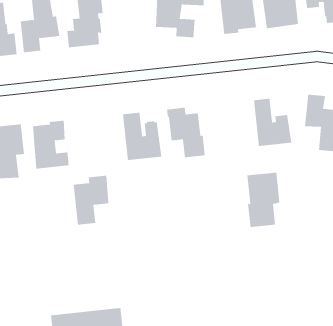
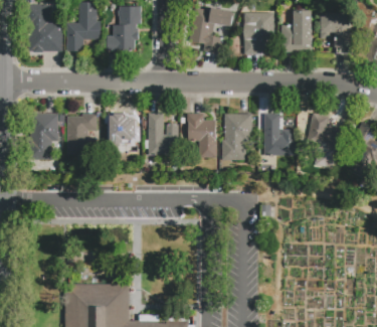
building: [247,172,280,228] -> [222,113,251,159]
building: [73,175,109,225] -> [105,114,136,155]

